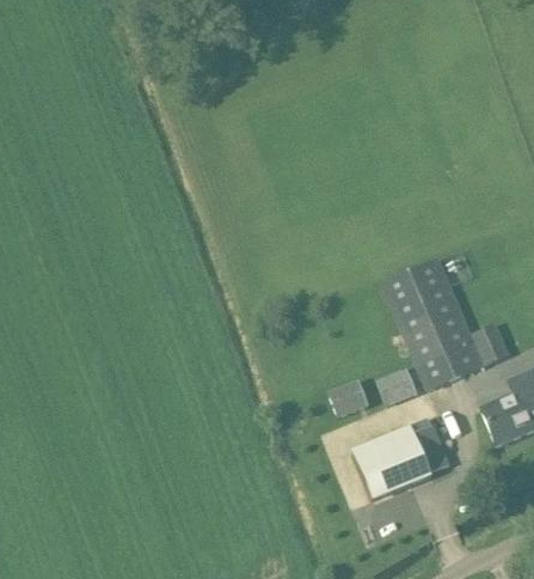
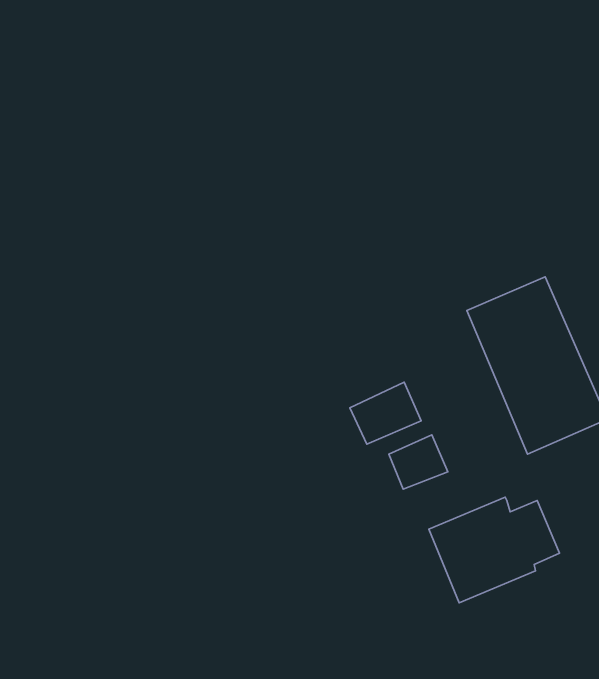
building: none -> [350,382,421,444]
building: [373,365,417,404] -> none

